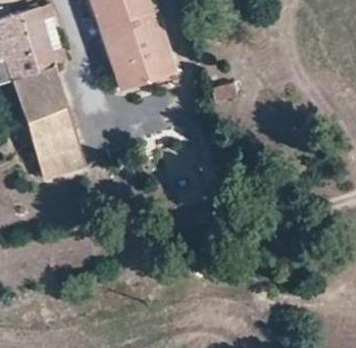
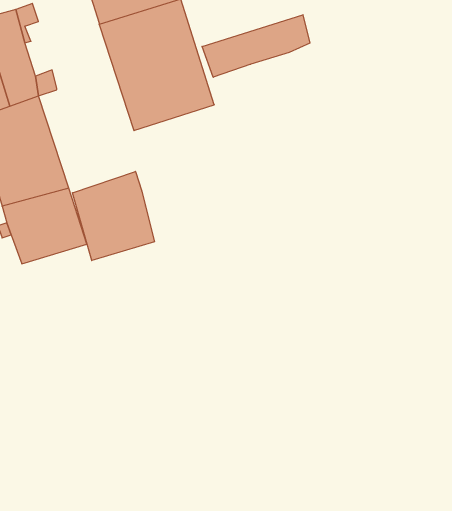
building: none -> [202,15,310,77]
building: none -> [72,171,154,261]

